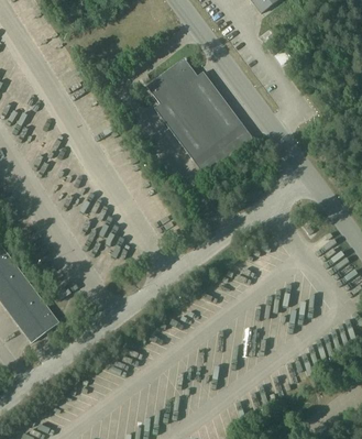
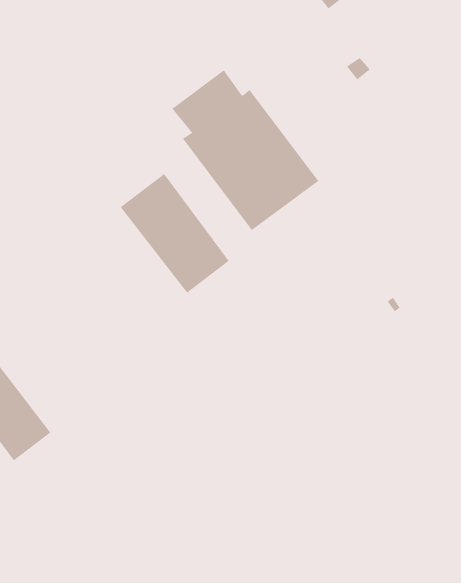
building: none -> [120,173,230,293]

